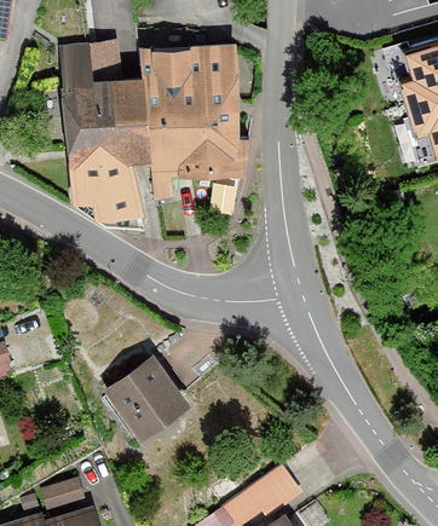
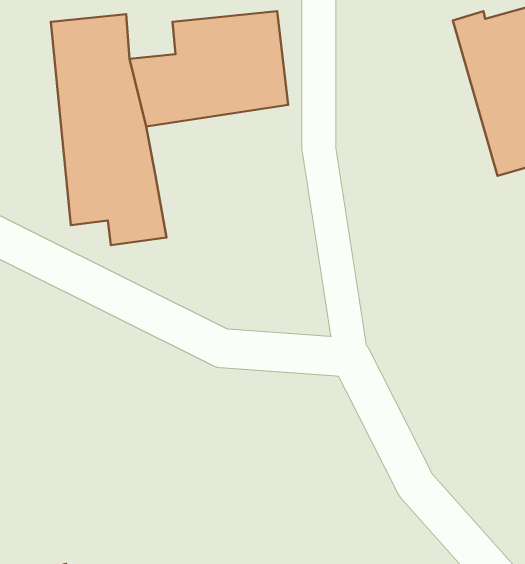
building: [132,112,247,183] -> none
building: [105,356,192,445] -> none

